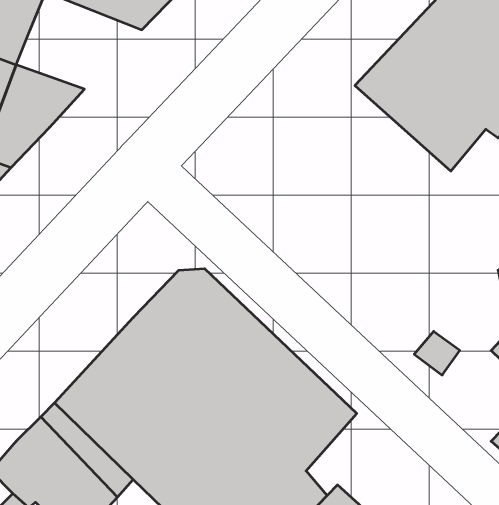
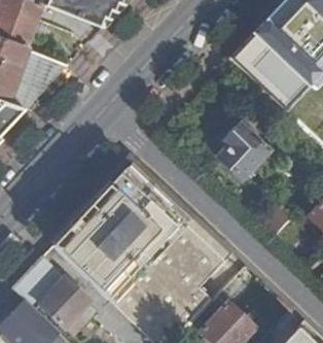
building: none -> [220,125,270,179]

